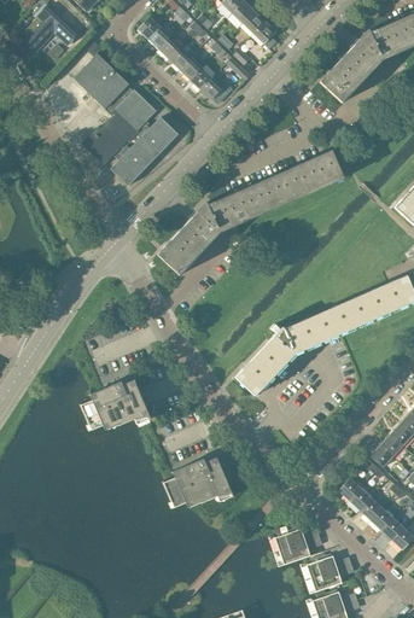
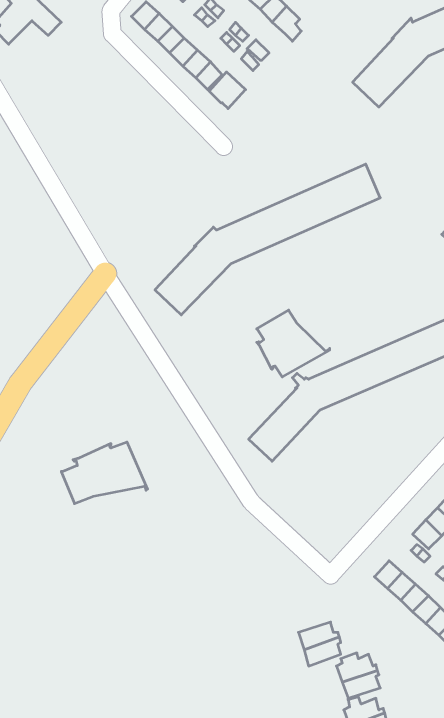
building: [74,53,179,186] -> none
building: none -> [257,310,330,377]
building: [163,457,233,508] -> none

